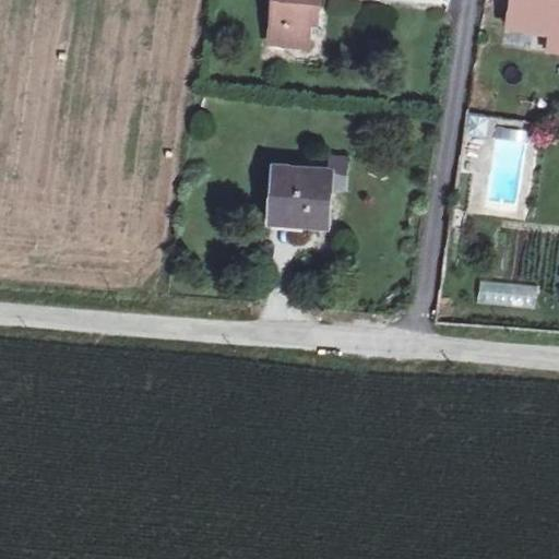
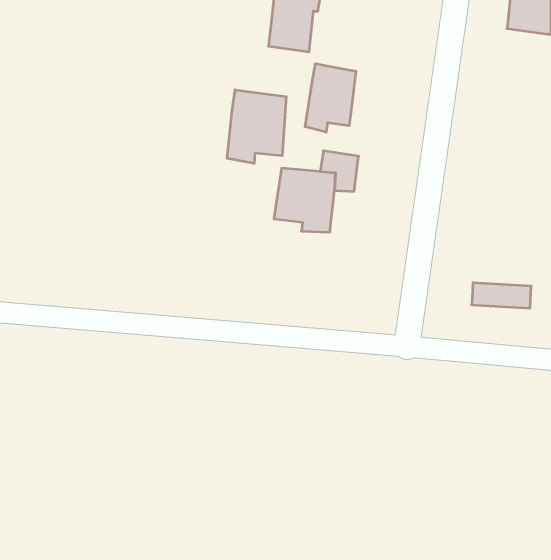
building: none -> [305,64,356,132]
building: none -> [227,90,286,163]

